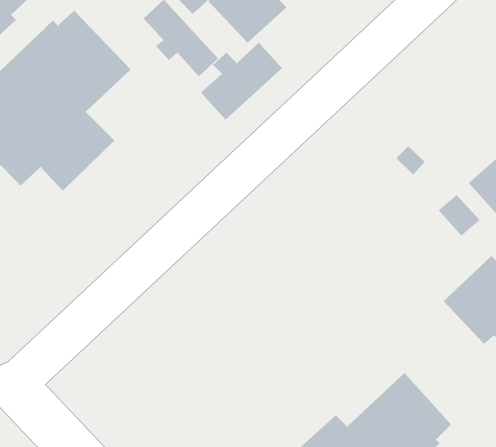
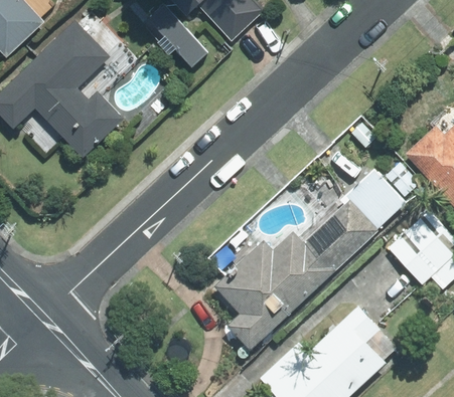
building: [200,42,283,120] -> none
building: none -> [213,169,407,350]

